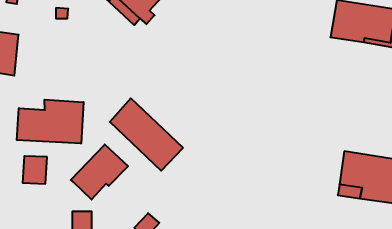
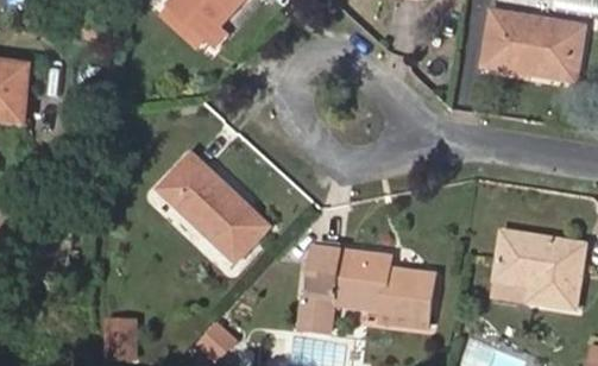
building: [17,100,84,144] -> none
building: [71,144,128,200] -> none
building: none -> [300,248,435,332]

